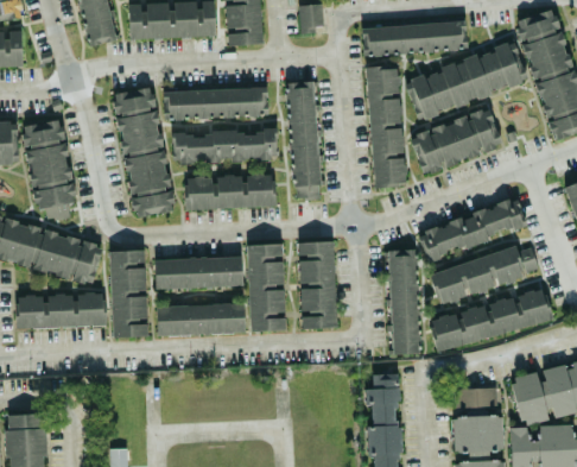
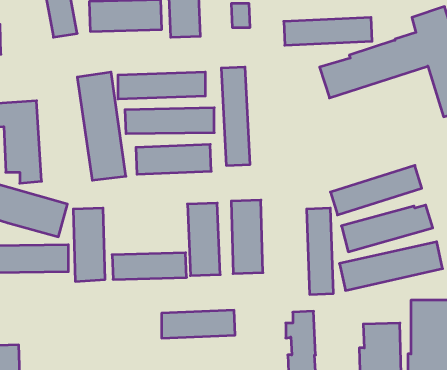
building: [367,65,406,187] -> none
building: [411,108,502,172] -> none
building: [156,255,243,289] -> [162,310,235,338]

